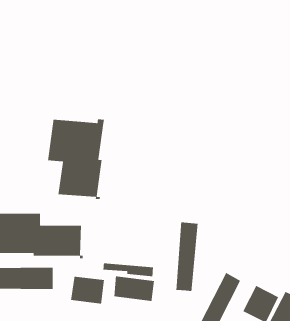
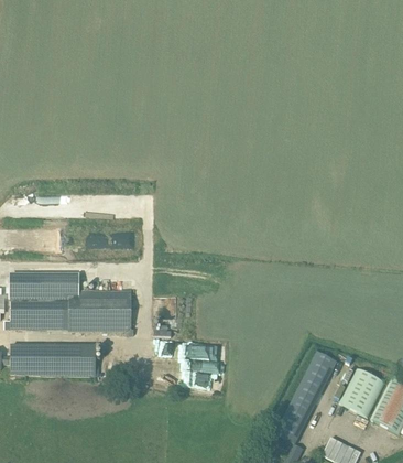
building: [47,118,105,200] -> none
building: [175,222,199,292] -> none
building: [70,276,105,305] -> none

